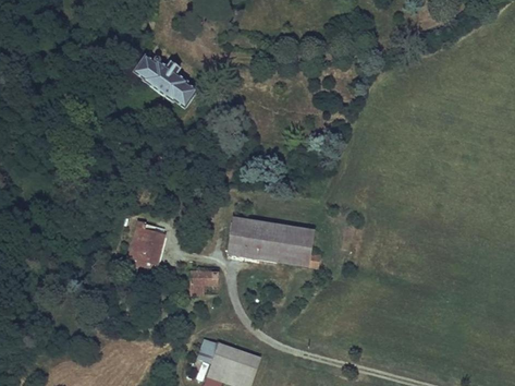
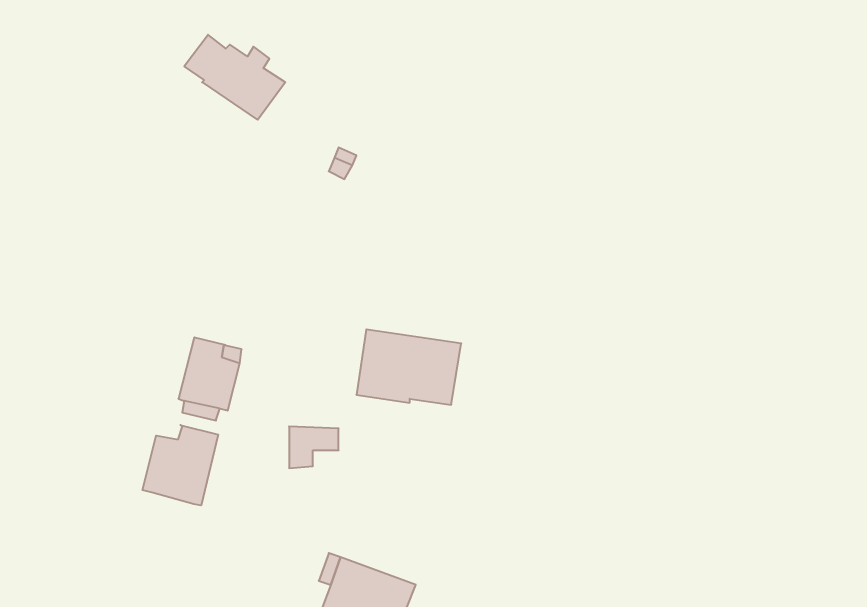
building: [280,225,320,267] -> none
building: none -> [142,425,218,505]

